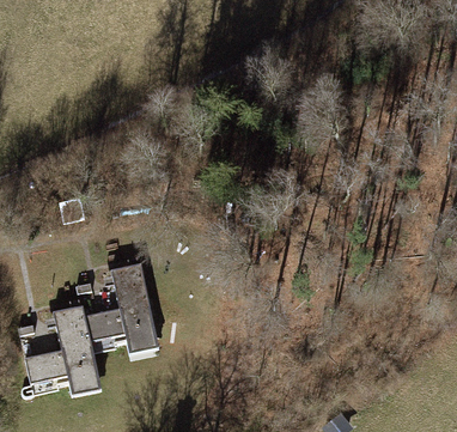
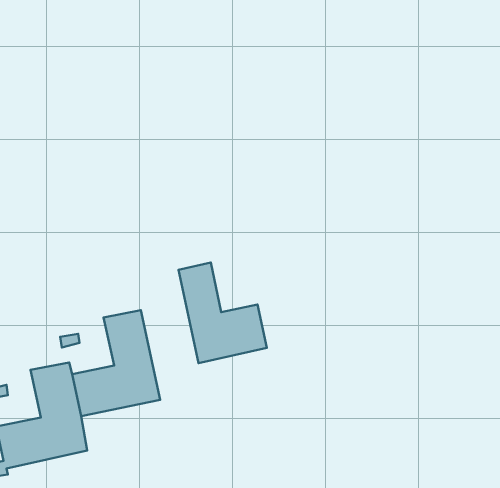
building: none -> [179,263,267,363]

